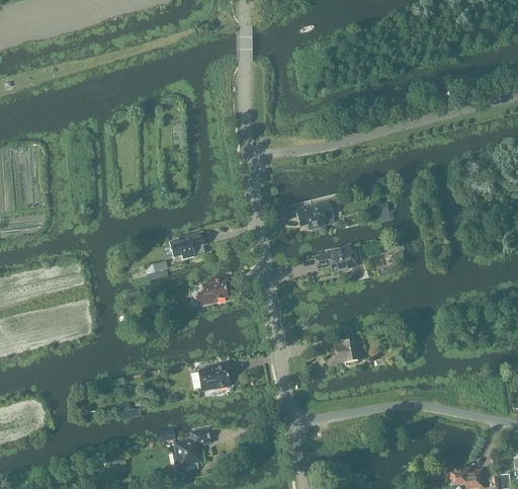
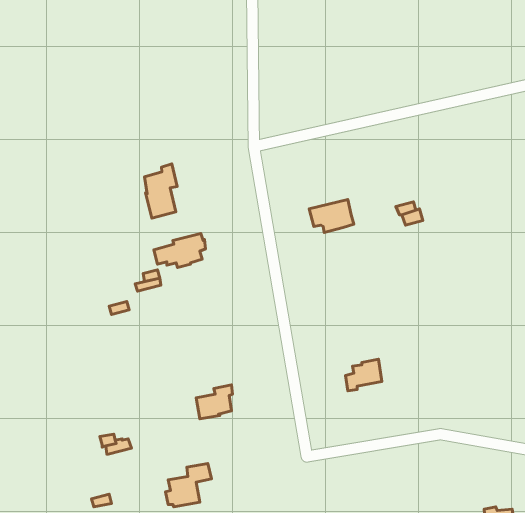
building: none -> [145,164,177,218]
building: [315,247,360,272] -> none
building: [197,274,228,305] -> none

